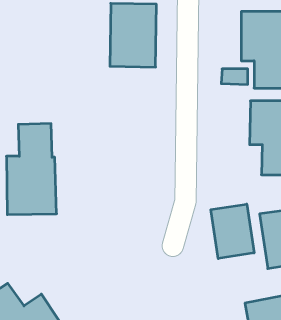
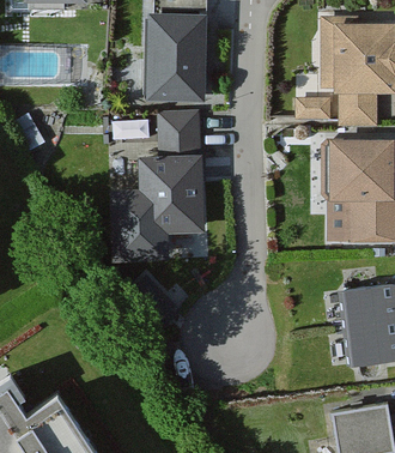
building: [6,124,57,215] -> [139,117,205,237]
building: [211,204,254,259] -> none

